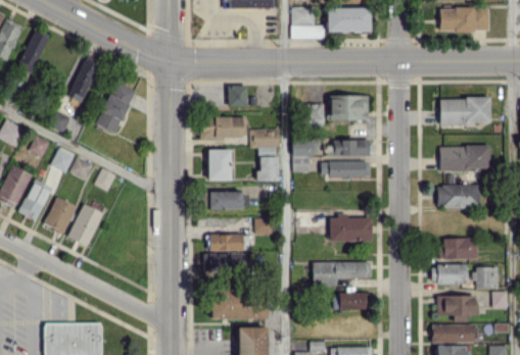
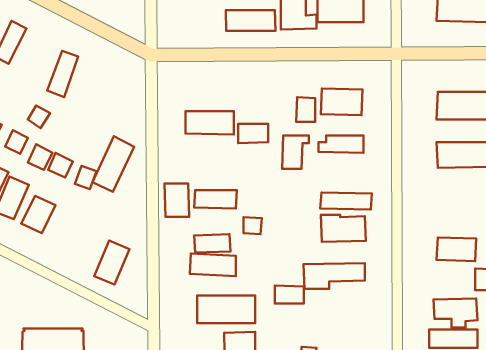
building: none -> [226,10,276,31]
building: [96,81,136,134] -> [92,136,134,192]
building: [228,86,247,106] -> none
building: [207,149,231,181] -> [165,184,189,217]
building: [256,156,279,181] -> none
building: [321,161,370,178] -> [320,192,372,210]
building: [437,185,480,208] -> none
building: [68,204,102,246] -> [94,241,129,285]
building: [431,264,466,284] -> none
building: [338,292,366,309] -> [275,285,304,304]

